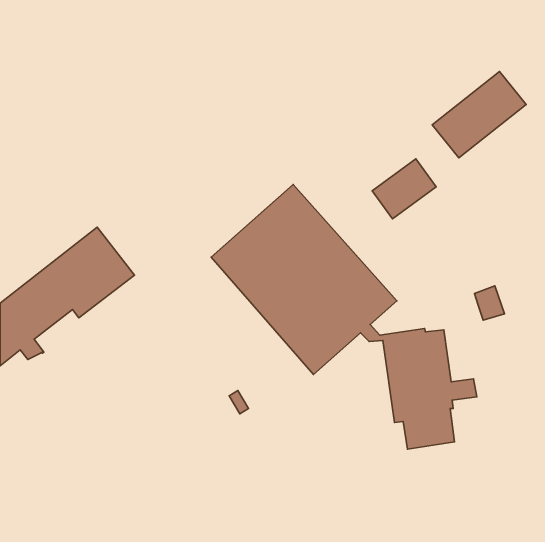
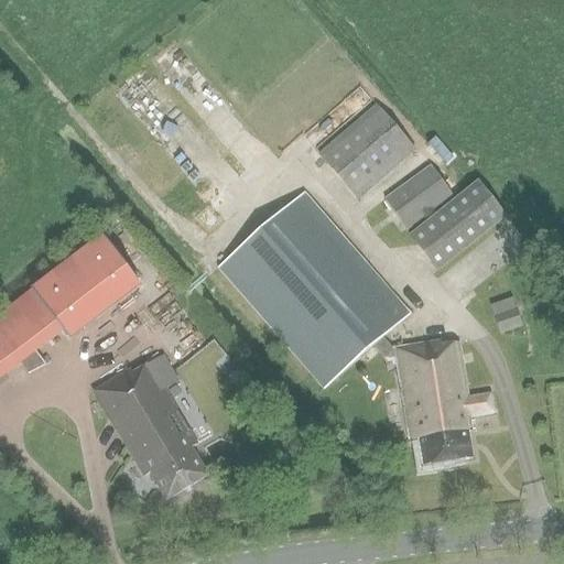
building: [432,72,526,158] -> [408,178,505,268]
building: none -> [318,101,414,196]
building: none -> [94,352,208,495]

